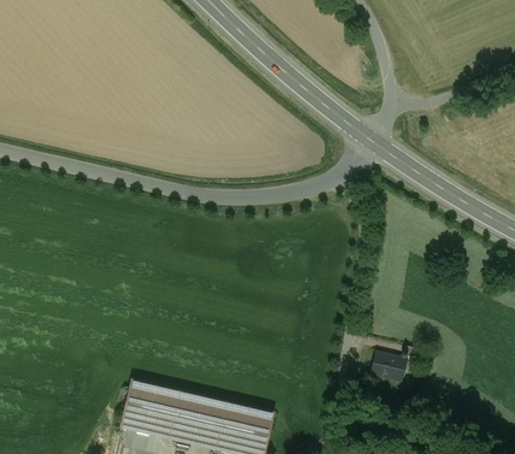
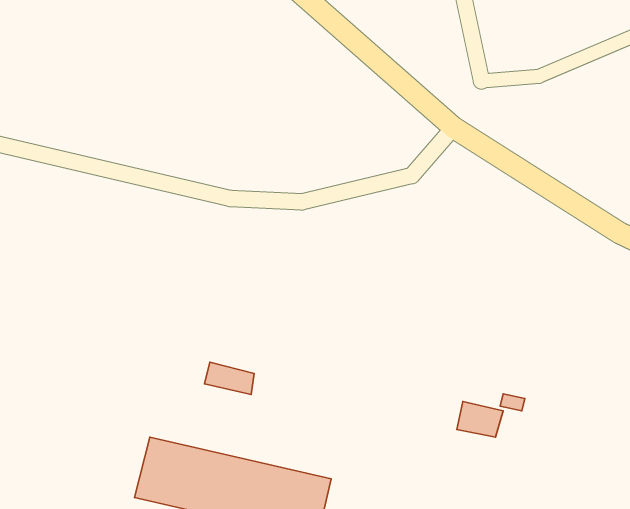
building: none -> [205,362,254,394]

